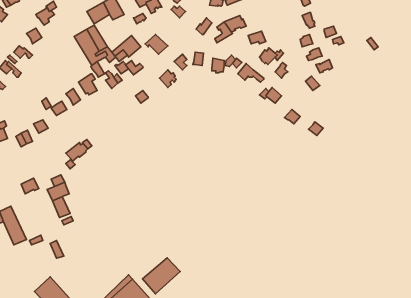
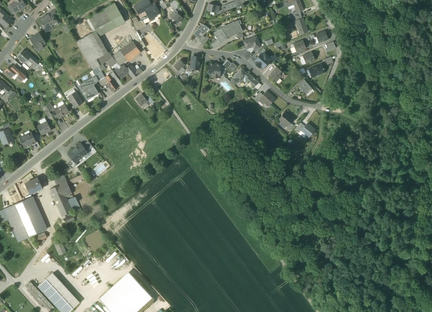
building: none -> [15,197,44,237]
building: [143,258,180,294] -> none

